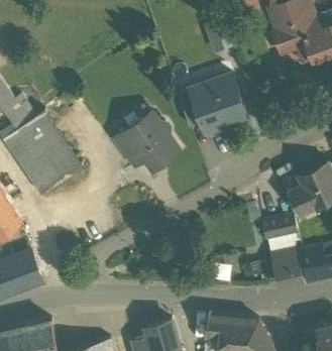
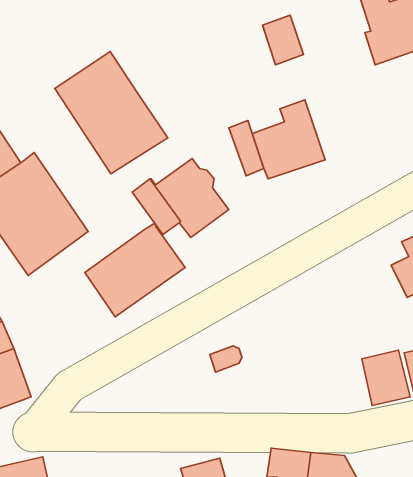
building: none -> [55,51,168,174]
building: none -> [85,223,185,317]
building: [263,214,297,238] -> none

